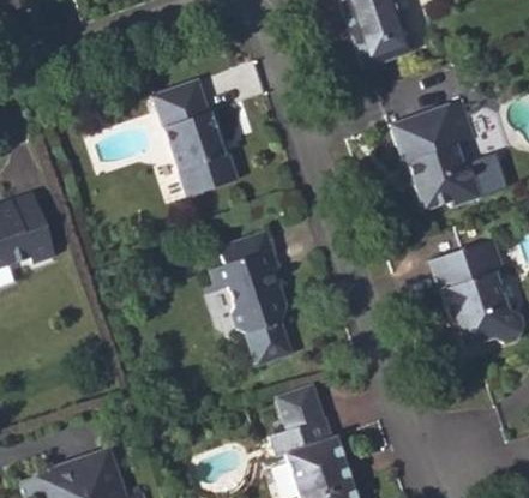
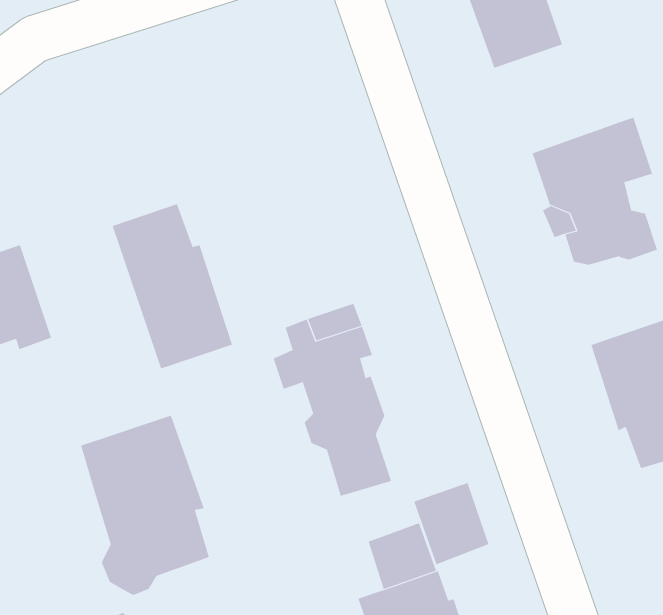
building: [151,80,235,196] -> [112,203,233,369]
building: none -> [80,415,209,596]
building: none -> [414,482,489,565]

